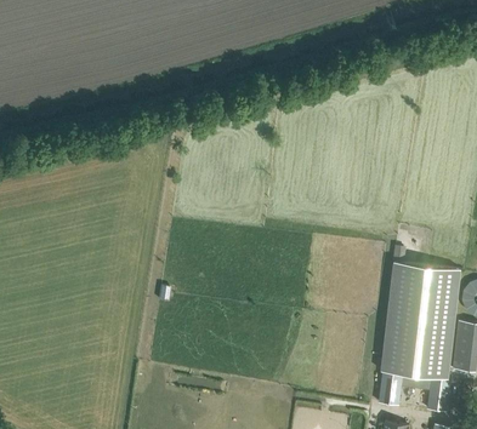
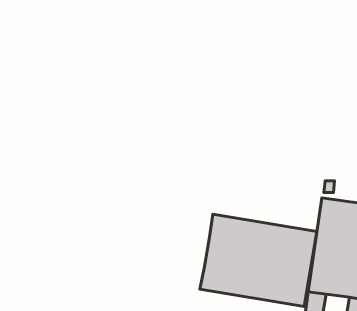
building: none -> [200,214,317,307]

